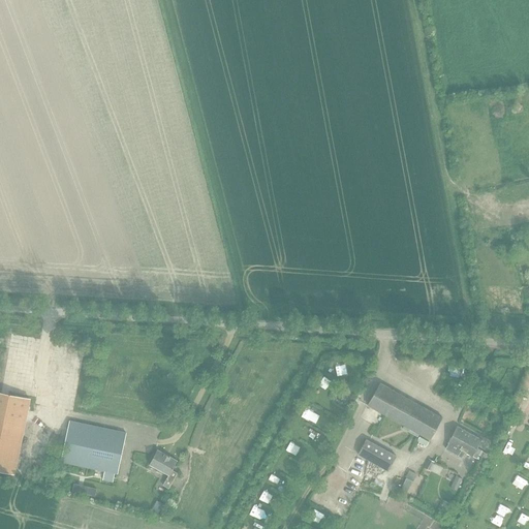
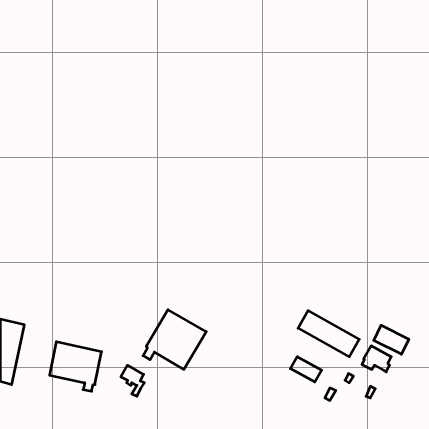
building: none -> [143,310,206,369]
building: none -> [374,325,409,354]

